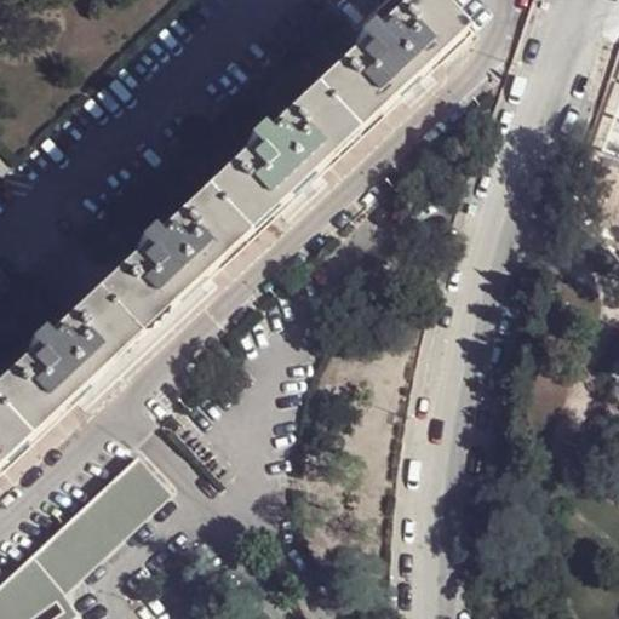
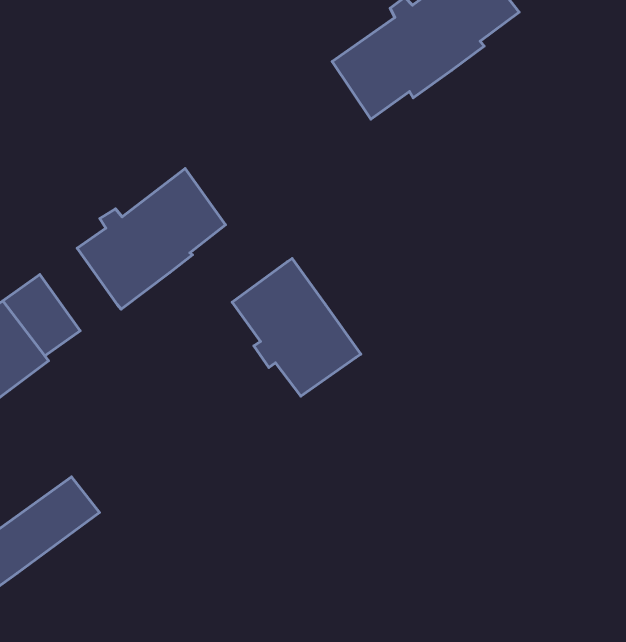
building: [200,90,348,235] -> none
building: none -> [232,258,361,396]
building: [91,269,157,337] -> none

